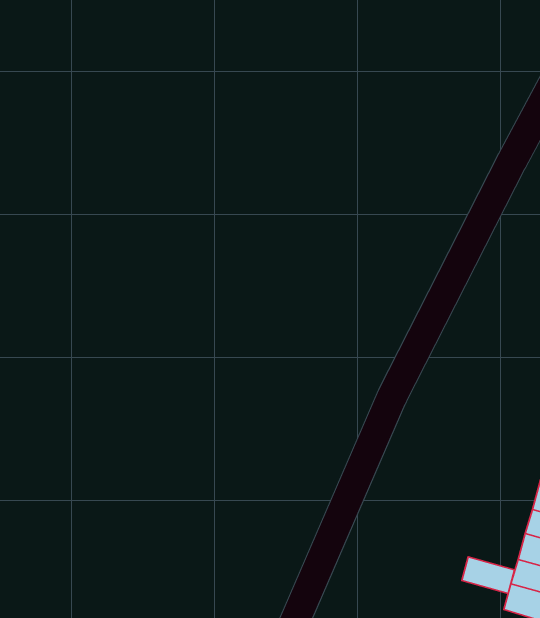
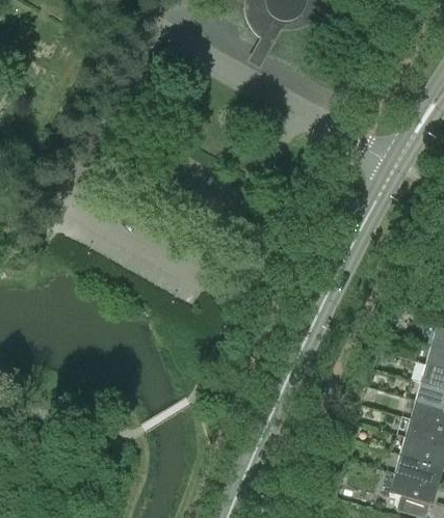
building: [462,557,514,594] -> none

